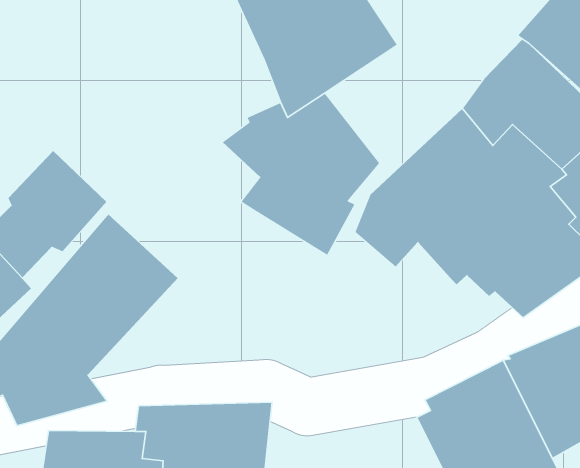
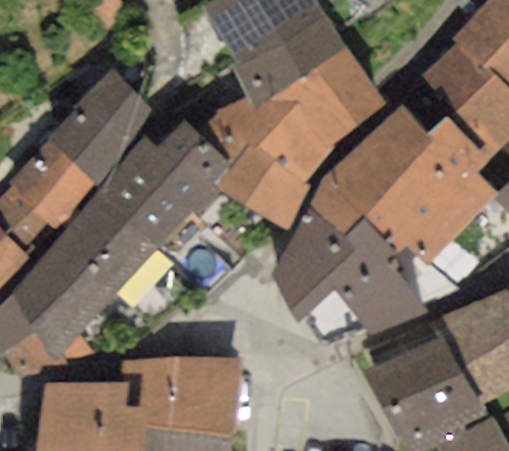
building: none -> [284,47,386,149]
building: none -> [49,68,153,184]
building: none -> [97,120,228,260]
building: none -> [272,209,426,345]

